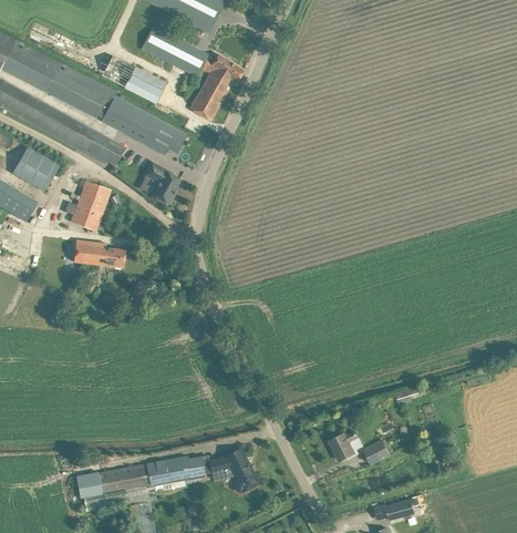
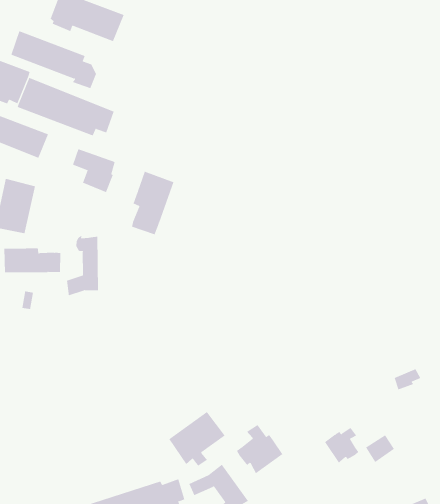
building: [189,53,242,120] -> none
building: none -> [131,171,174,235]
building: none -> [66,236,98,296]
building: none -> [168,411,225,467]
building: none -> [236,424,283,474]

